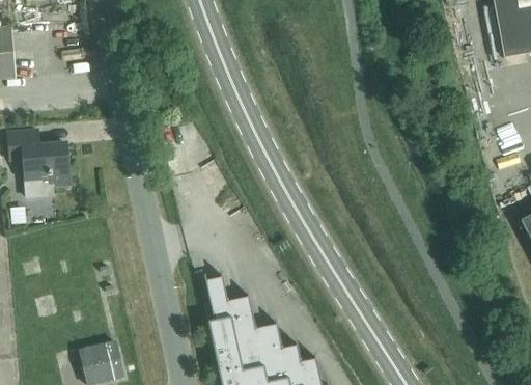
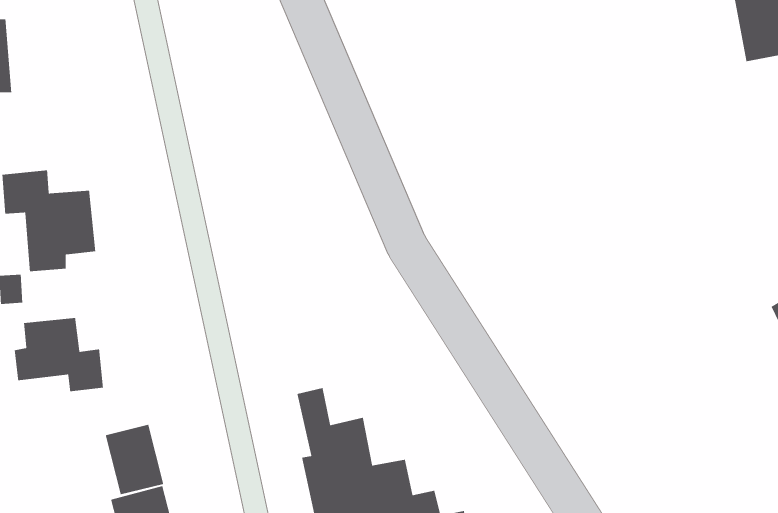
building: none -> [14,317,104,392]
building: none -> [105,424,164,495]

